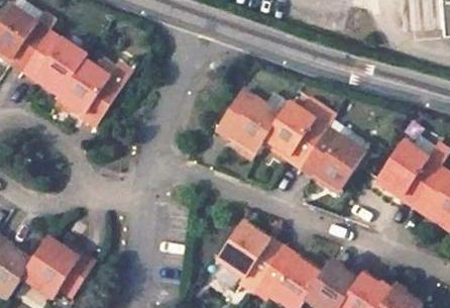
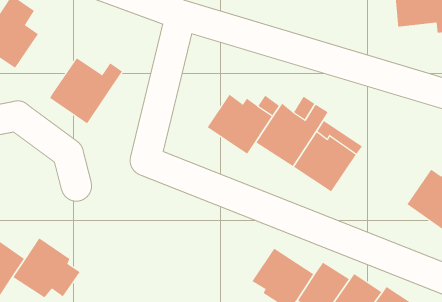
building: [24,35,87,94] -> none
building: [377,140,438,205] -> none
building: [218,221,282,282] -> none

